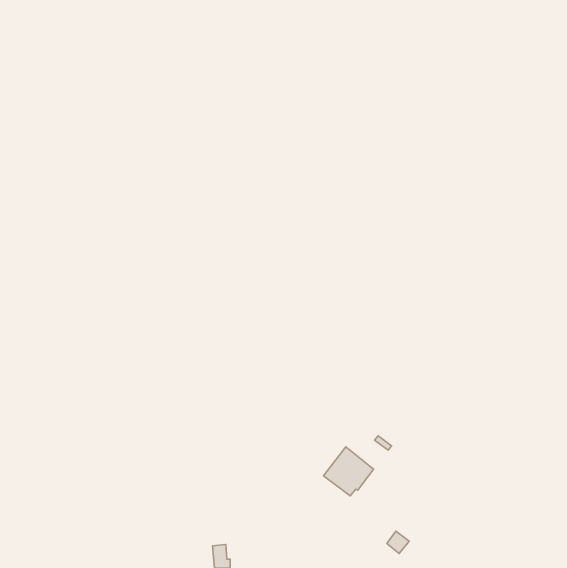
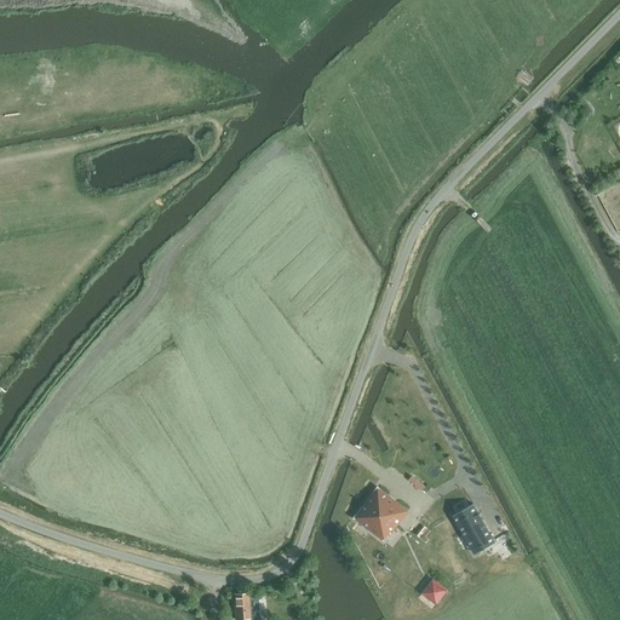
building: none -> [450,504,494,550]

